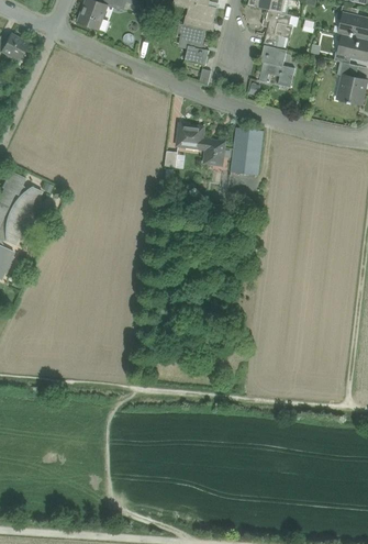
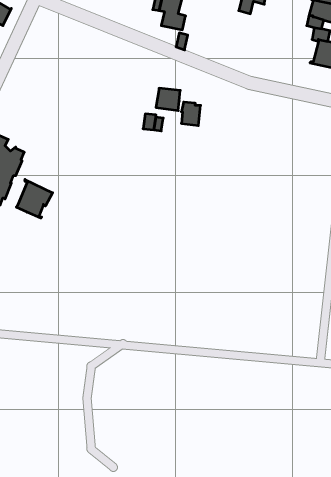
building: [258,45,293,88] -> none
building: [232,127,263,176] -> none
building: none -> [16,179,53,218]

